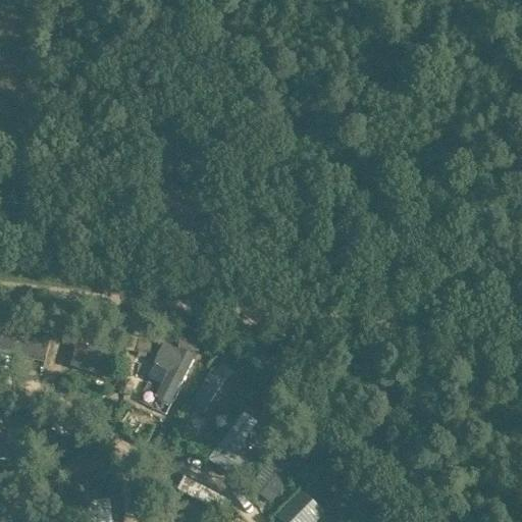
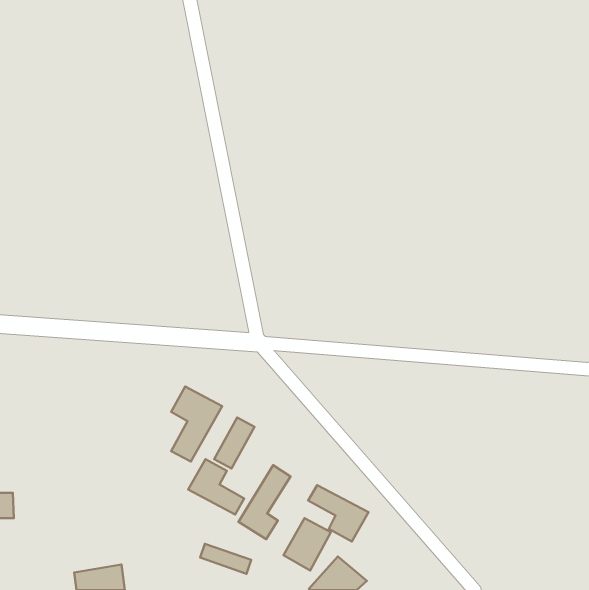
building: none -> [188,459,244,515]
building: none -> [308,485,368,542]

